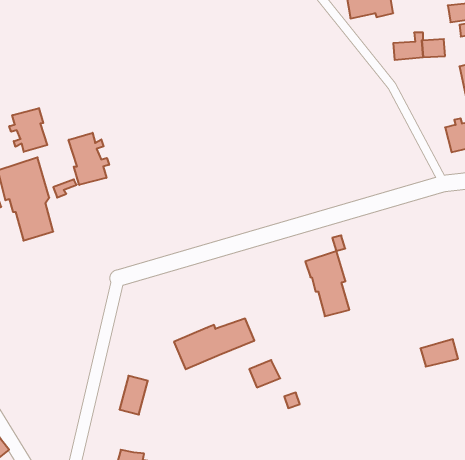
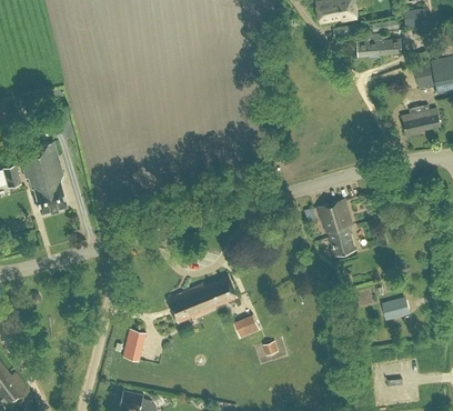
building: [9,108,47,152] -> none
building: [69,133,109,185] -> none
building: [305,251,349,316] -> [318,199,355,254]

